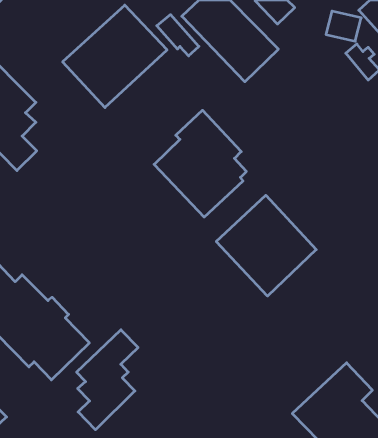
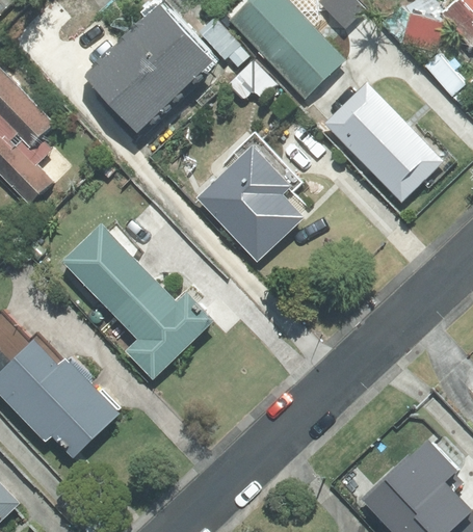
building: none -> [323,82,456,202]
building: none -> [62,227,214,380]
building: [216,195,316,296] -> none
building: [77,330,138,430] -> none

